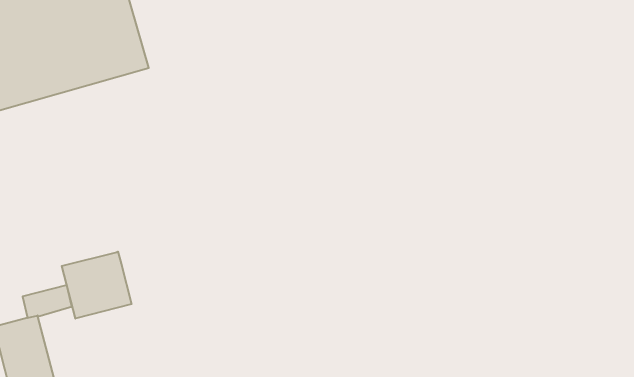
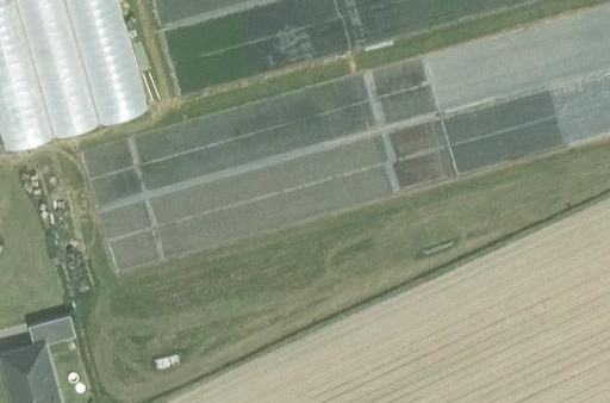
building: [62,252,132,319] -> none

